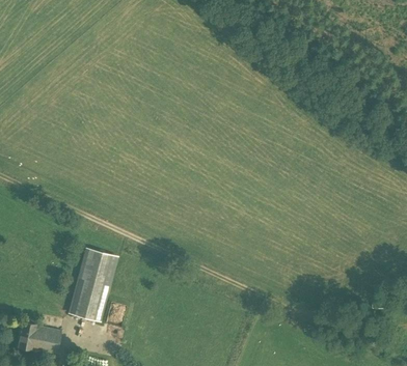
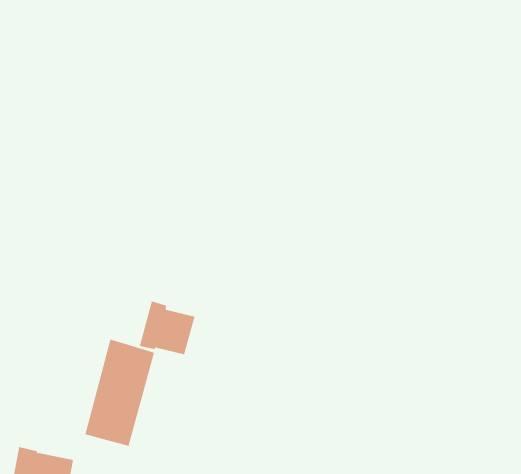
building: none -> [139,300,195,355]

